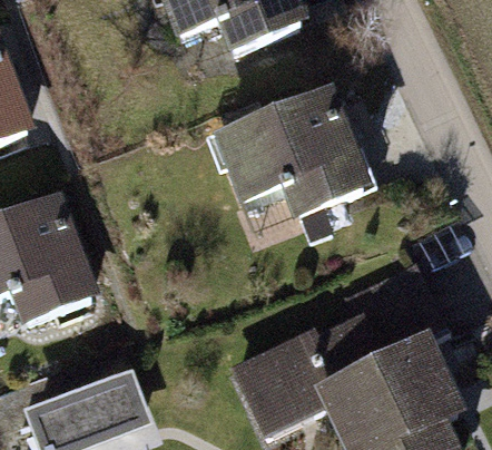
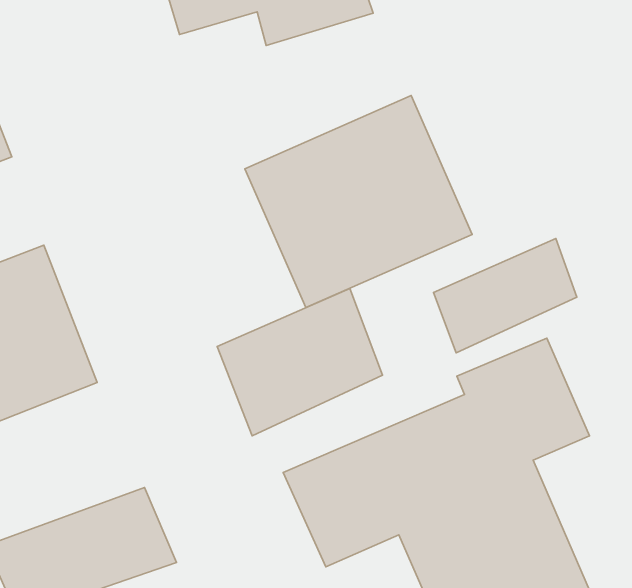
building: none -> [433,238,577,353]
building: none -> [217,289,382,436]

